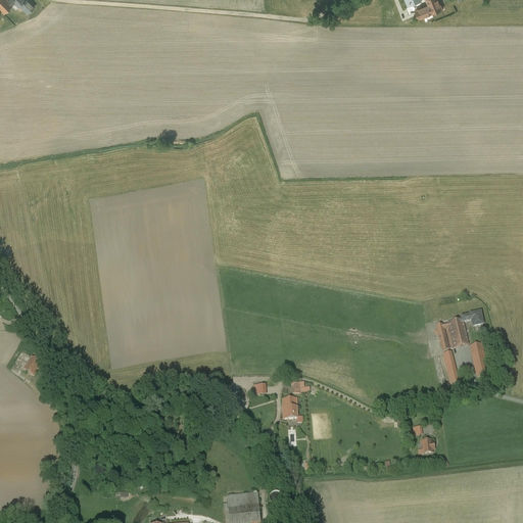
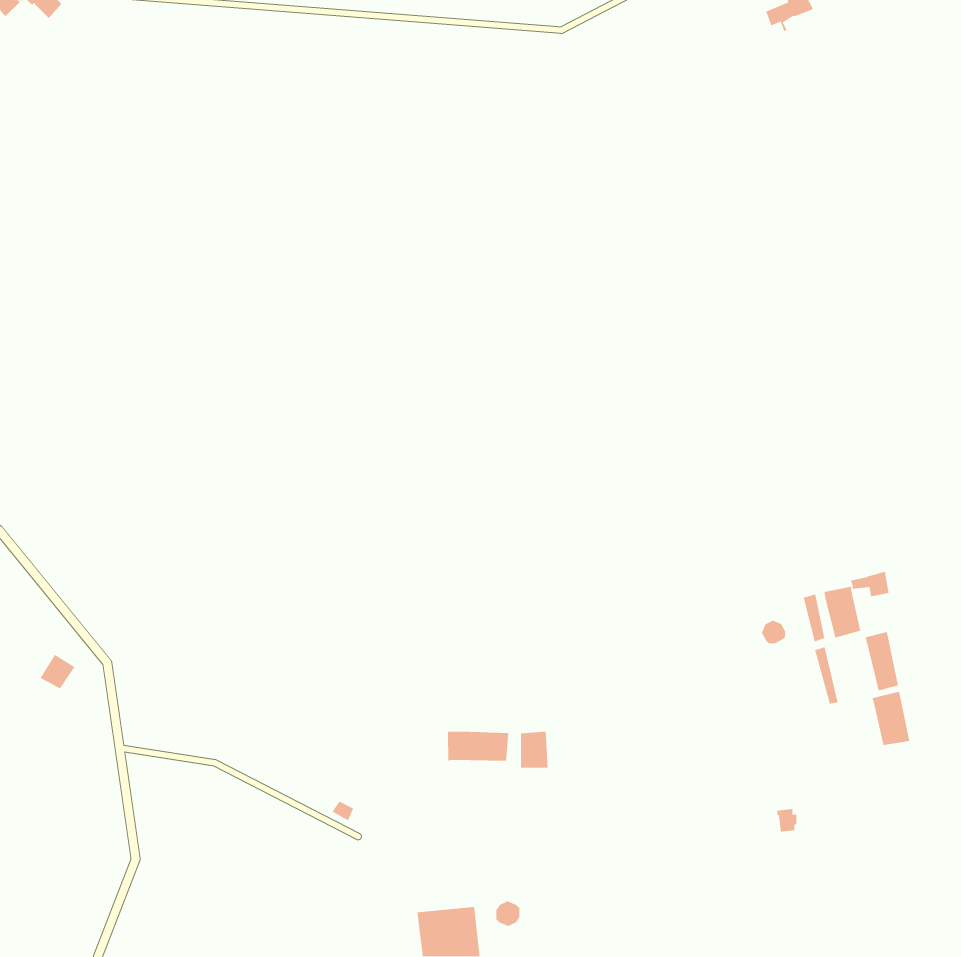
building: none -> [871,691,910,746]
building: none -> [447,731,509,761]

